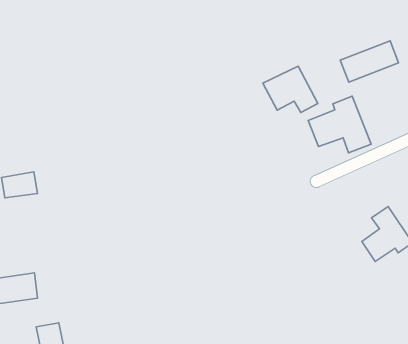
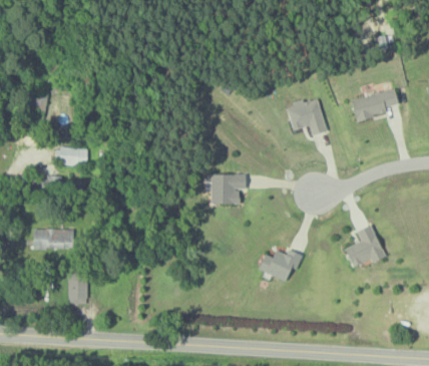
building: [308,96,371,153] -> none
building: none -> [207,173,247,205]
building: none -> [258,249,302,283]

